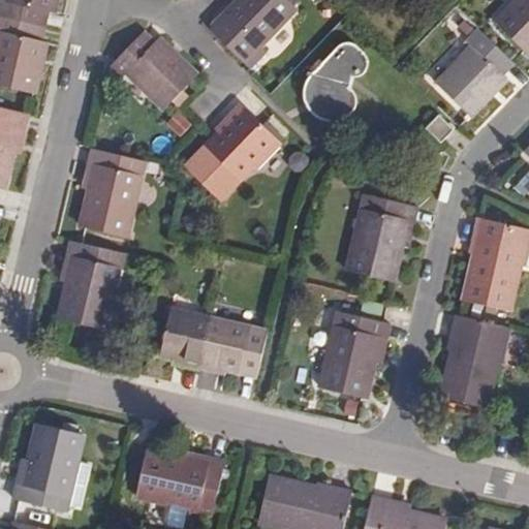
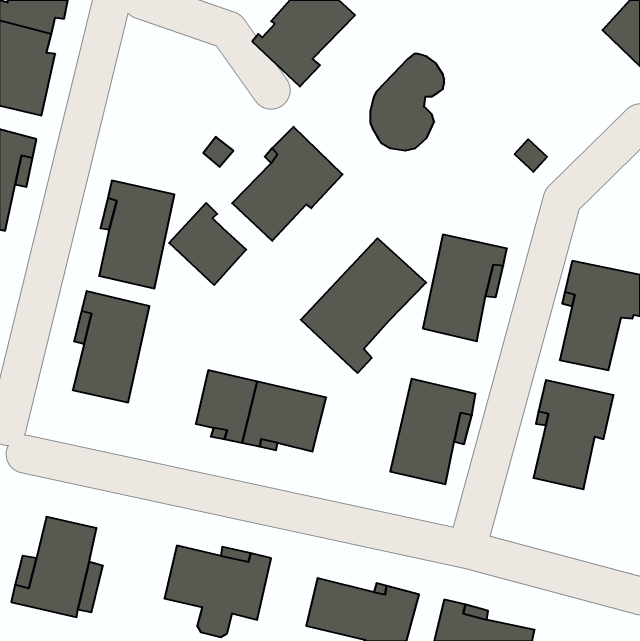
building: [437,30,514,118] -> none
building: [110,32,197,111] -> none
building: none -> [169,203,246,285]
building: none -> [301,238,426,373]

